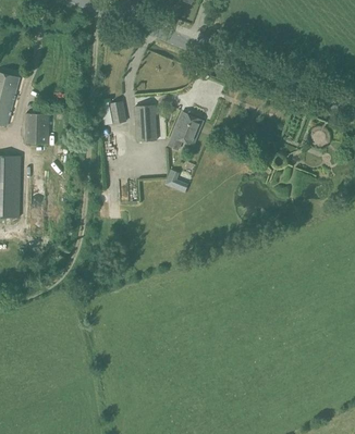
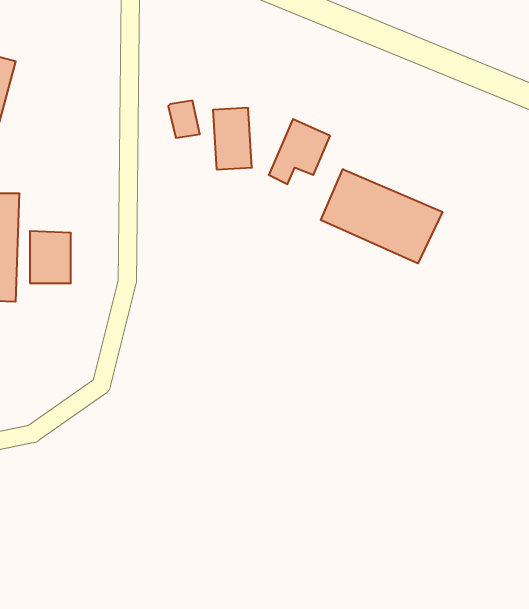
building: [25,112,49,142] -> [30,231,71,283]
building: none -> [321,169,442,263]

